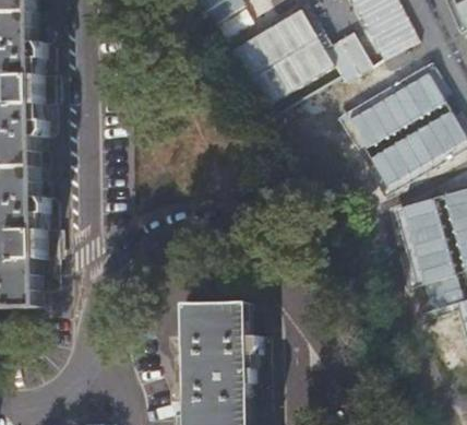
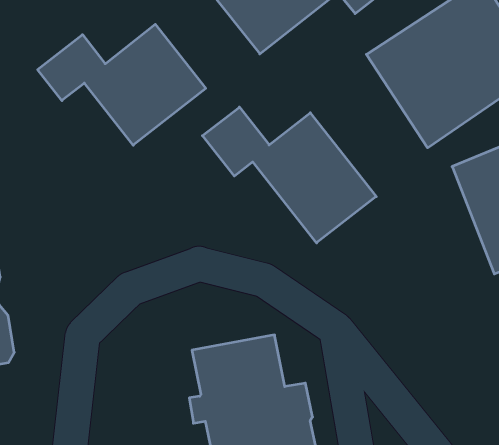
building: none -> [38,24,206,145]
building: none -> [202,107,376,243]

